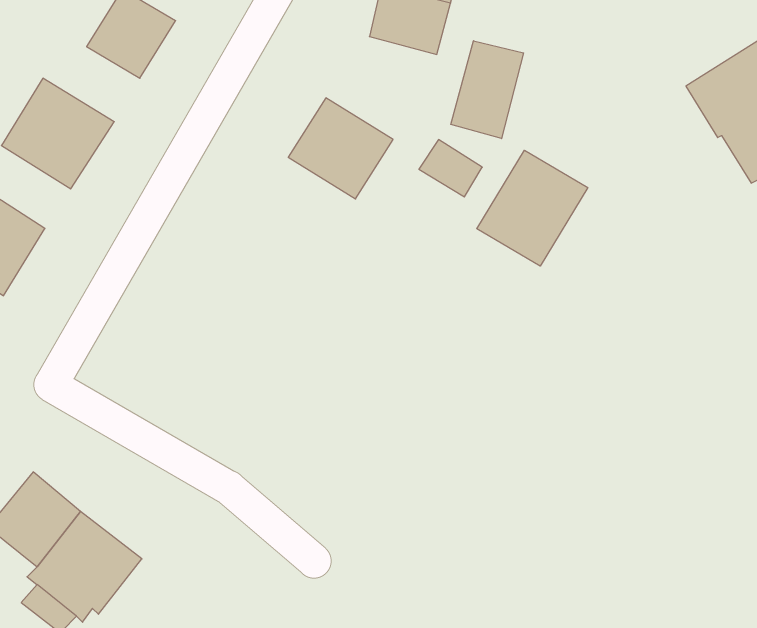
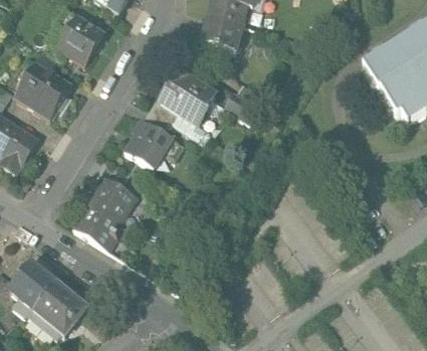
building: [451,41,524,139] -> none
building: [477,150,588,266] -> none
building: none -> [128,118,175,168]
building: none -> [74,175,135,245]

